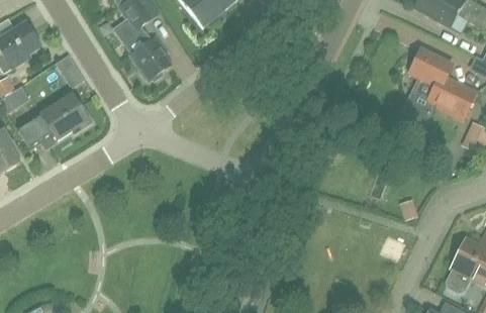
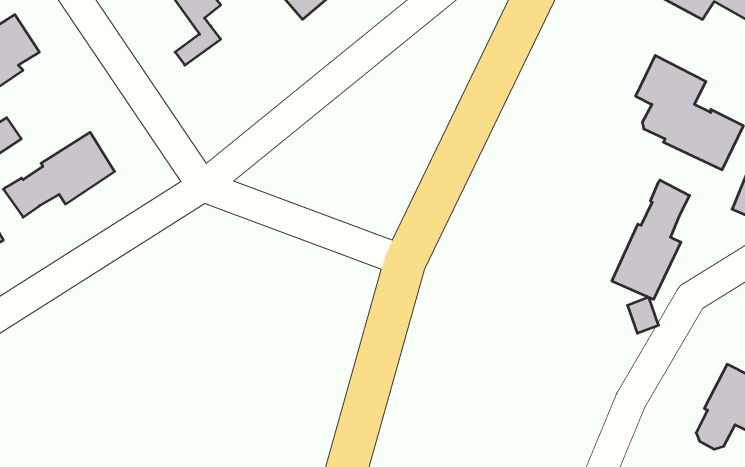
building: [129,35,170,80] -> none
building: none -> [612,180,690,299]

